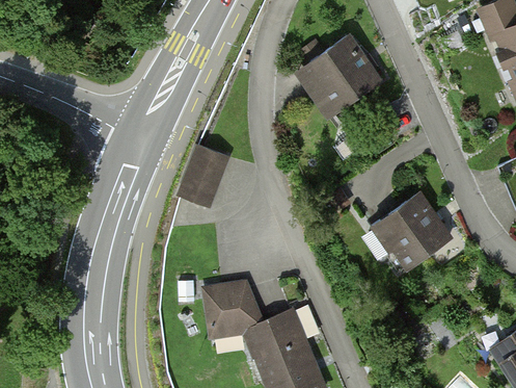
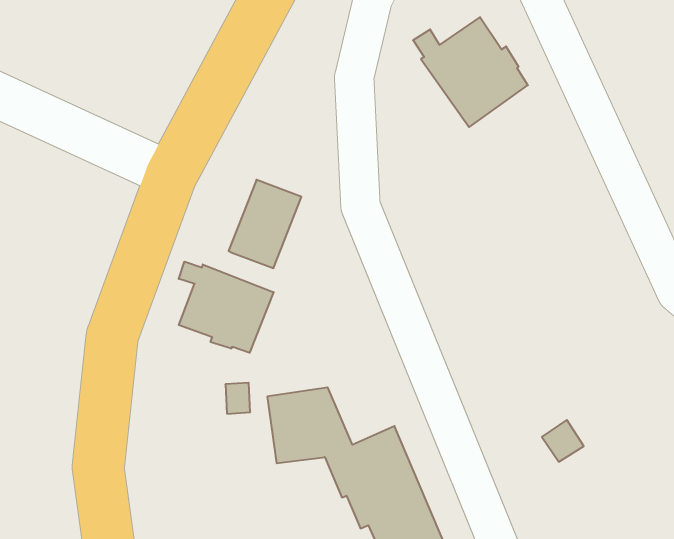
building: [371,193,449,266] -> none
building: none -> [179,262,274,353]

